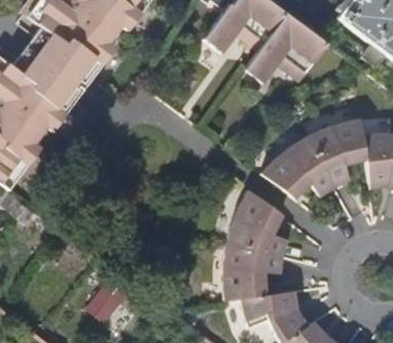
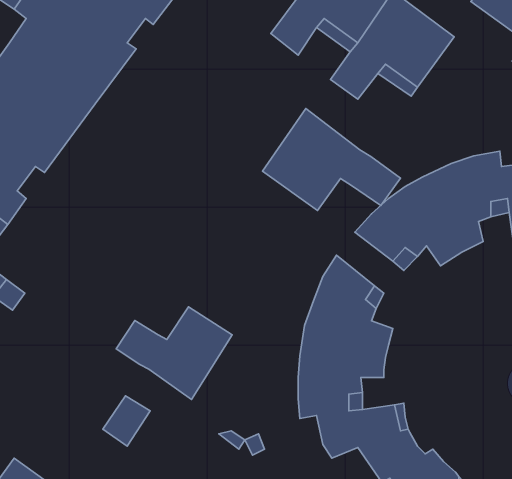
building: none -> [263,108,401,210]
building: none -> [116,307,232,399]

